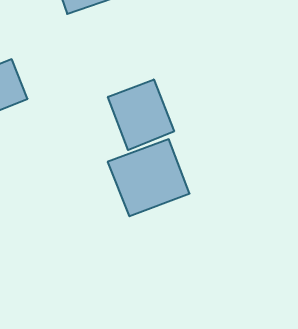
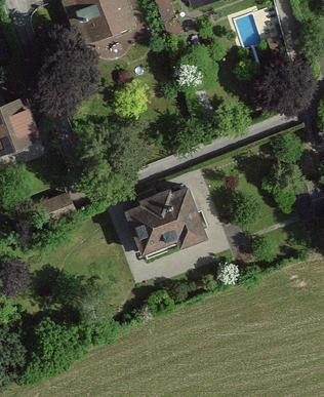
building: [108,79,174,150] -> none

